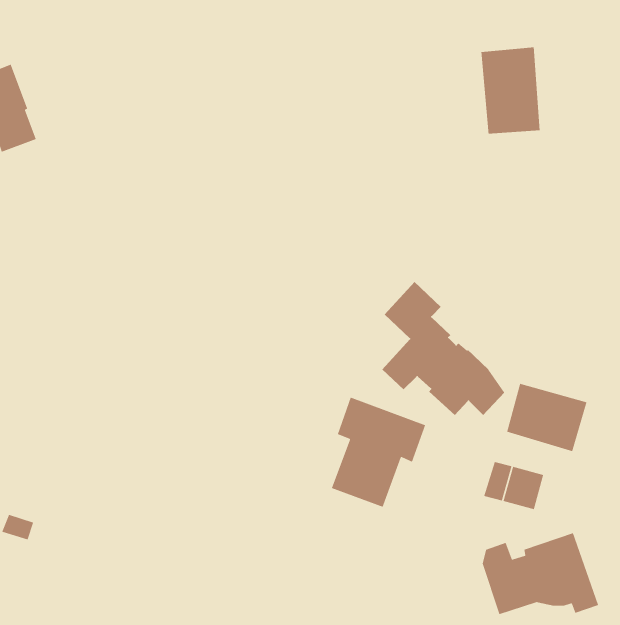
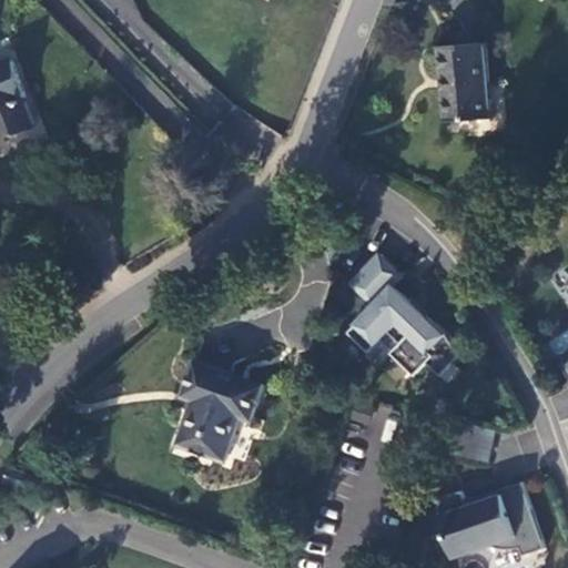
building: [506,383,588,452] -> none
building: [331,397,426,508] -> [176,361,263,462]

